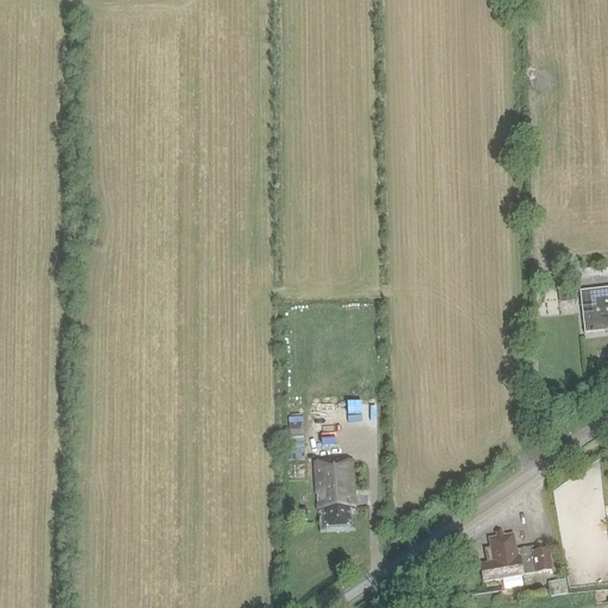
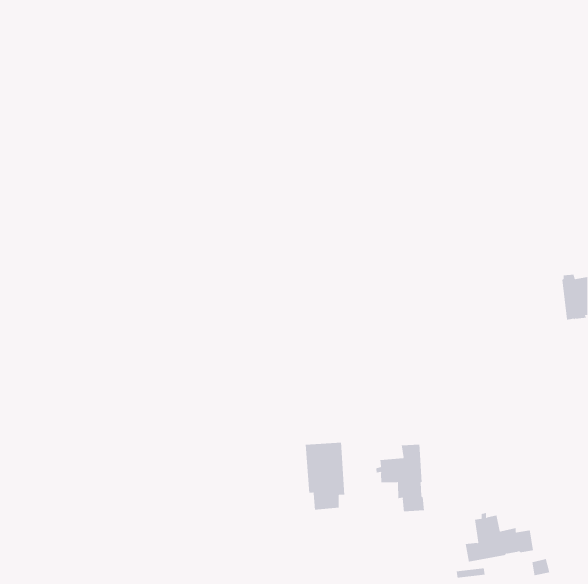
building: none -> [376,444,424,512]

